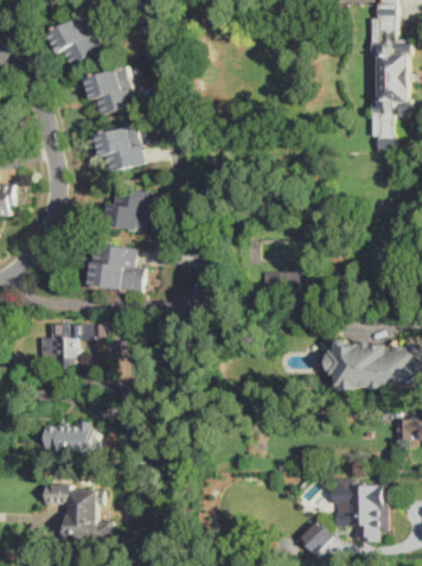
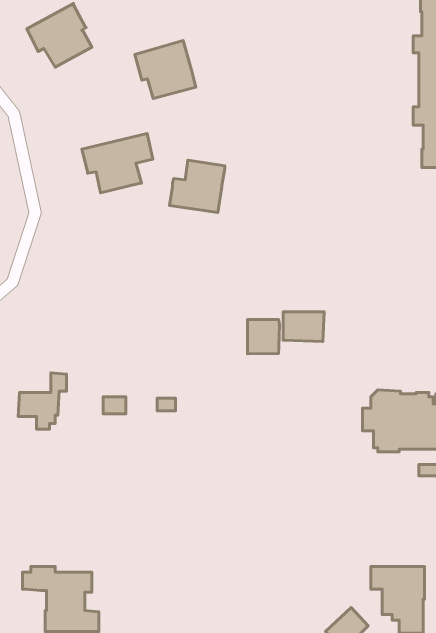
building: [83,66,134,115] -> [135,40,196,98]
building: [103,187,149,231] -> [170,160,225,212]
building: [84,243,143,293] -> none
building: none -> [248,319,280,354]
building: [44,428,98,454] -> none

